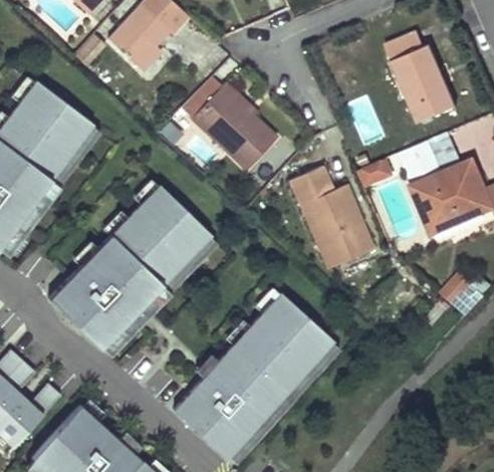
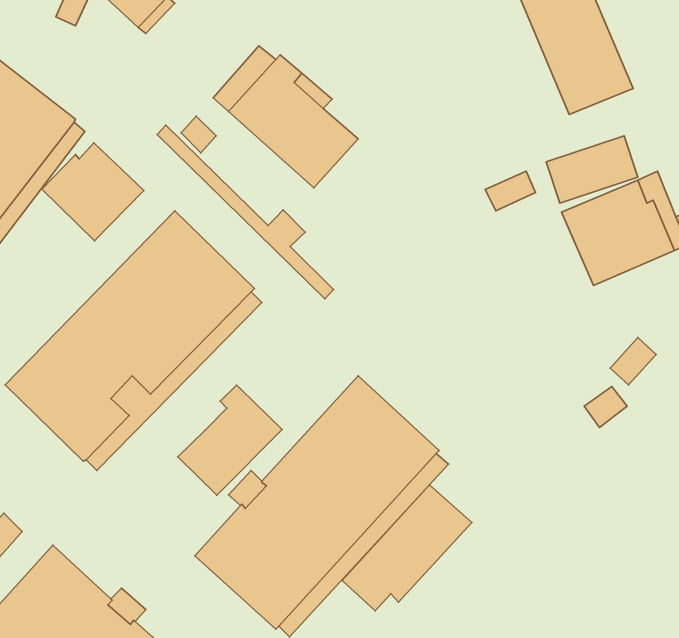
building: none -> [157,125,334,299]
building: none -> [42,143,144,241]
building: [293,170,373,268] -> none
building: none -> [178,385,282,495]
building: none -> [342,485,472,611]

